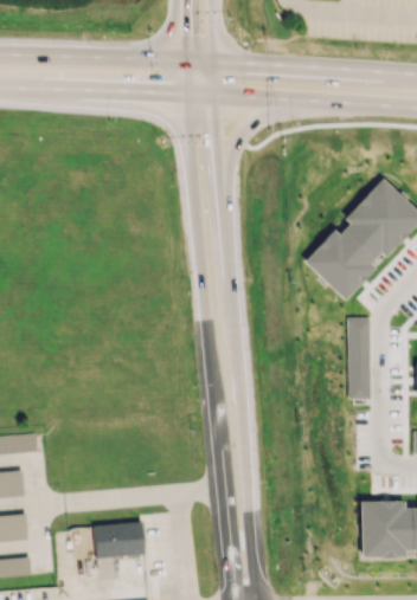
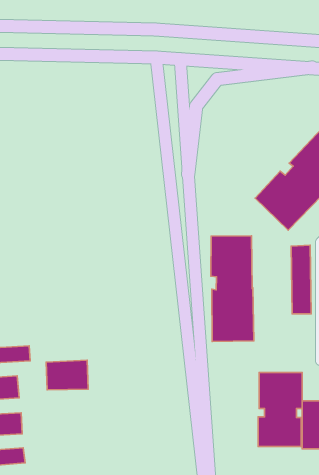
building: none -> [211,236,254,341]
building: none -> [258,373,302,447]
building: [95,521,145,556] -> [46,360,88,390]

